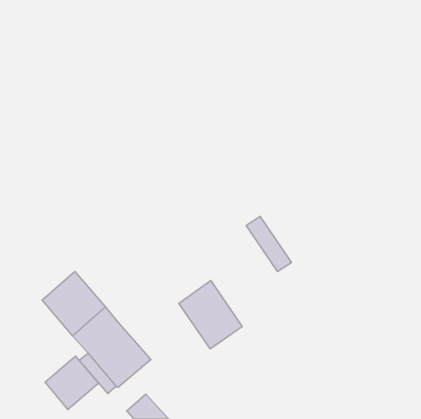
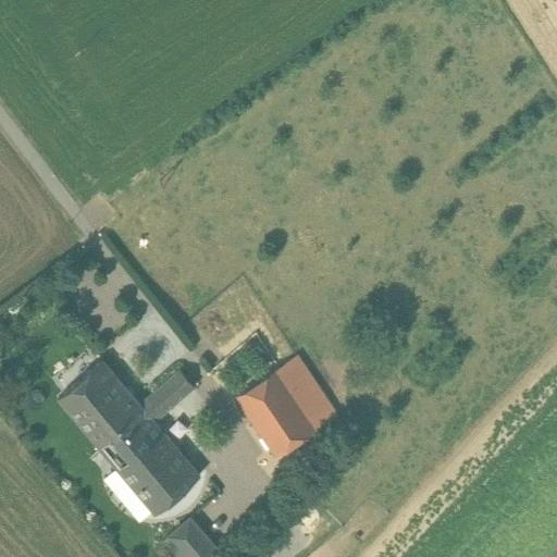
building: [246,216,291,272] -> [278,358,338,431]
building: none -> [139,371,194,423]
building: [45,356,98,409] -> none

